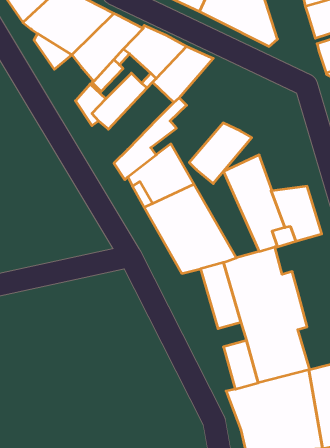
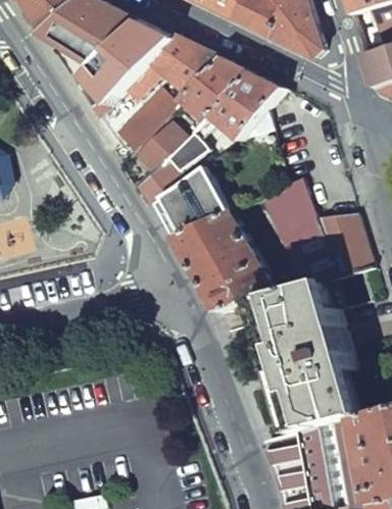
building: none -> [77,73,118,118]
building: none -> [138,120,189,172]
building: [189,123,252,184] -> [213,71,283,139]

